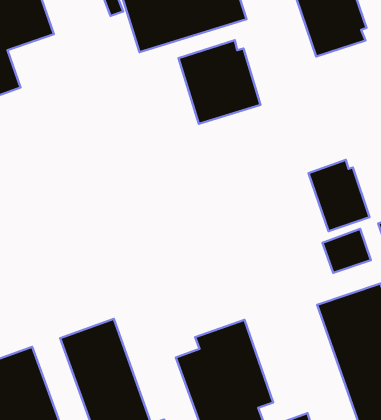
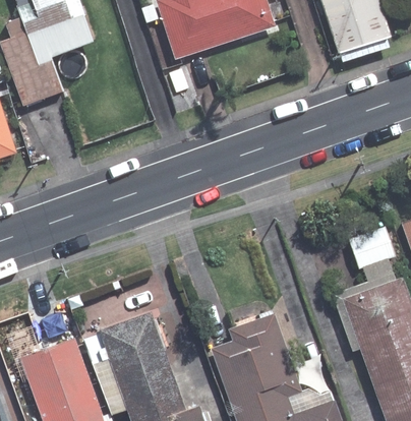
building: [178,40,261,124] -> none
building: [309,160,370,231] -> none

